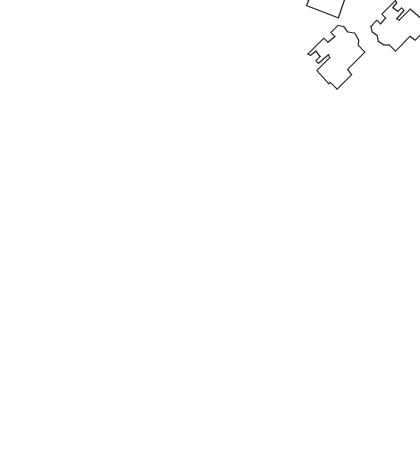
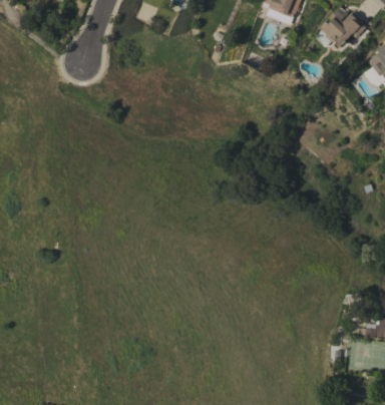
building: [308,25,365,89] -> none

